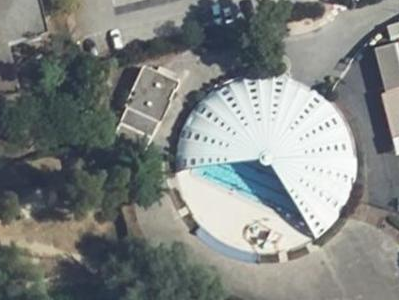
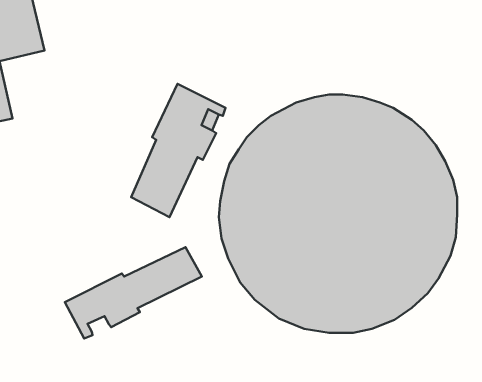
building: none -> [65,247,202,338]

